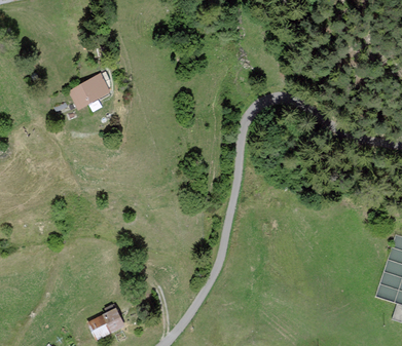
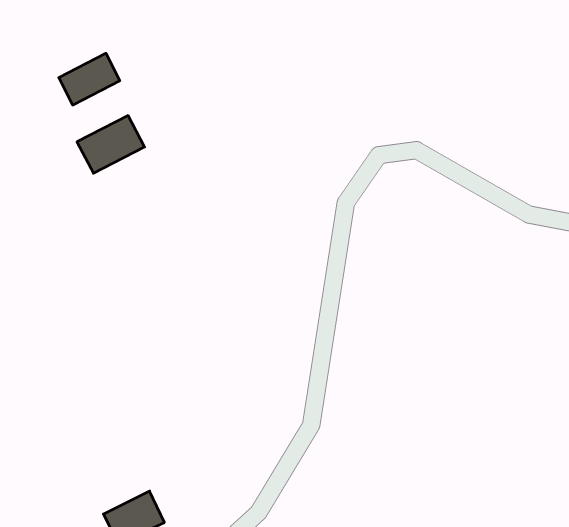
building: none -> [59,53,120,105]

